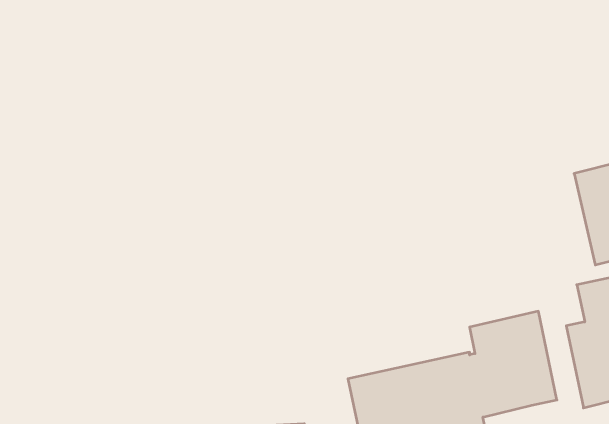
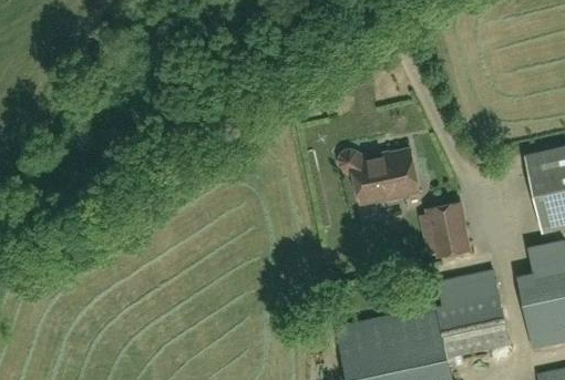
building: none -> [340,148,420,202]
building: none -> [421,202,470,256]

